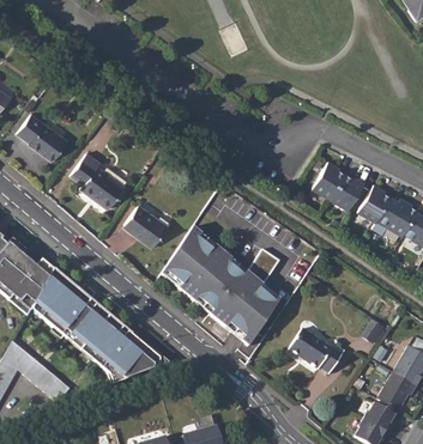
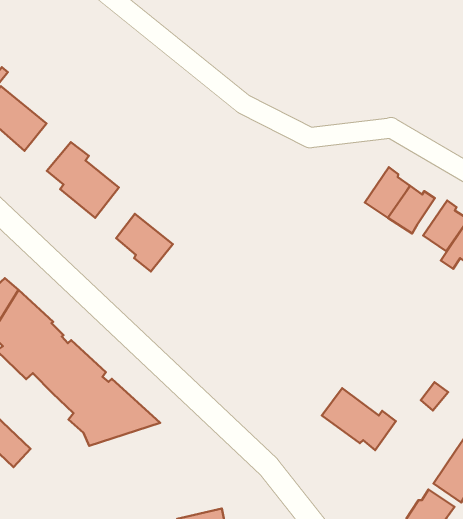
building: [165,227,280,340] -> none

